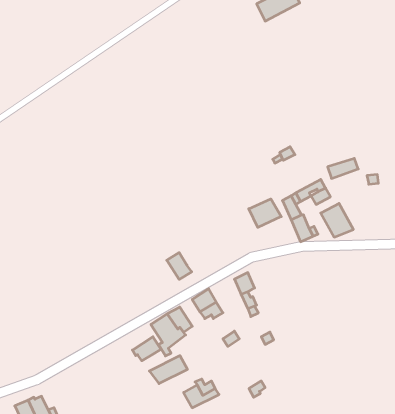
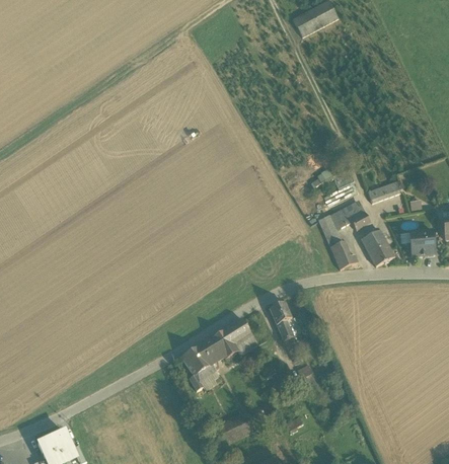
building: [249,199,281,227] -> none
building: none -> [408,229,434,255]
building: [167,253,192,279] -> [211,329,237,358]
building: [132,337,161,361] -> none
building: [149,356,187,384] -> none

